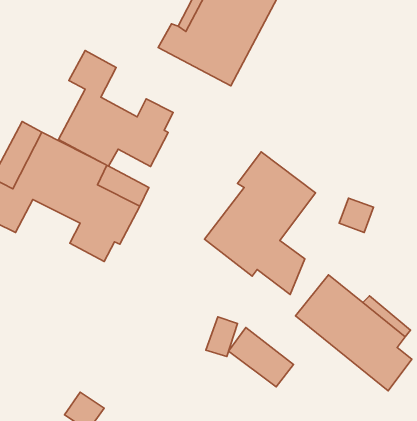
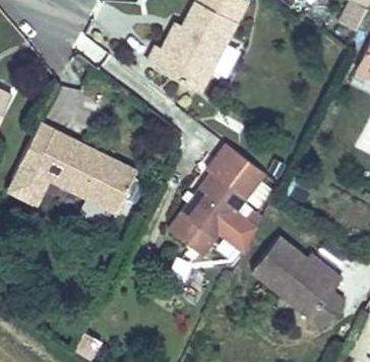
building: [59,50,173,167] -> none
building: [229,327,293,387] -> [169,210,219,256]

